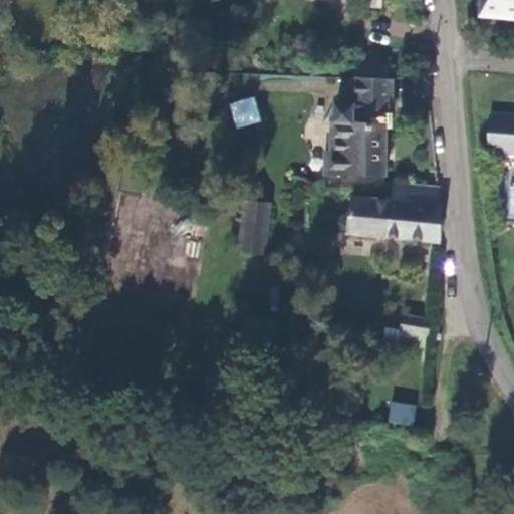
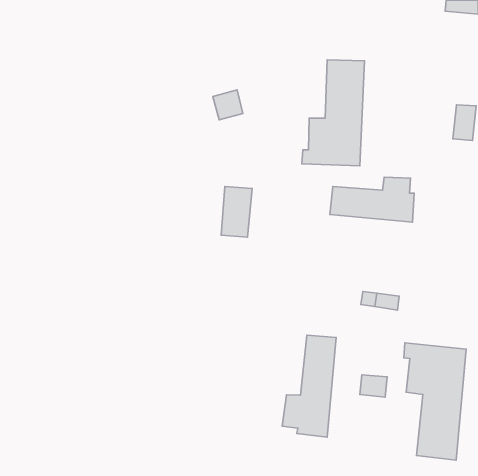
building: none -> [282,335,336,437]
building: none -> [404,343,466,460]

